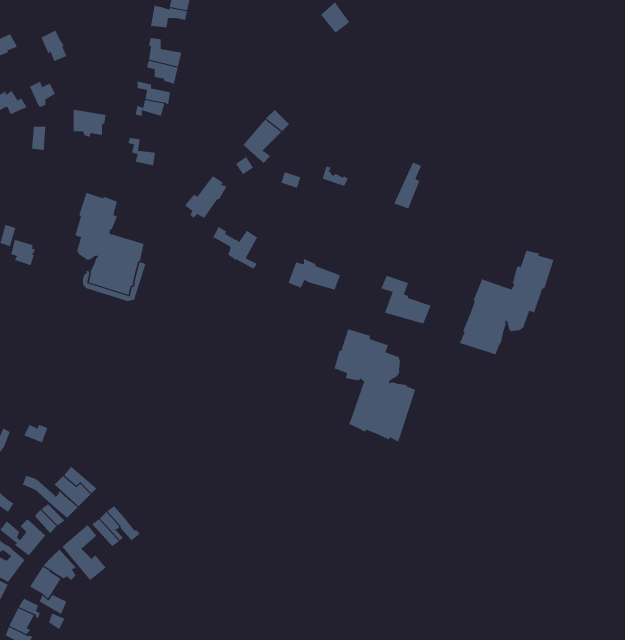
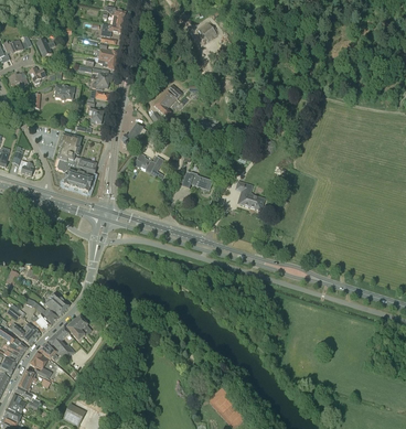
building: [459,250,554,355] -> none
building: [334,329,416,442] -> none

